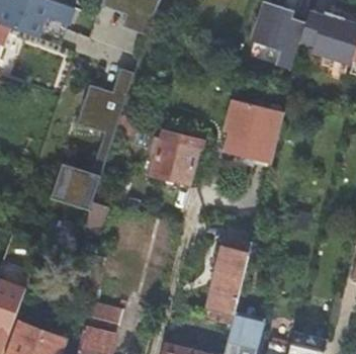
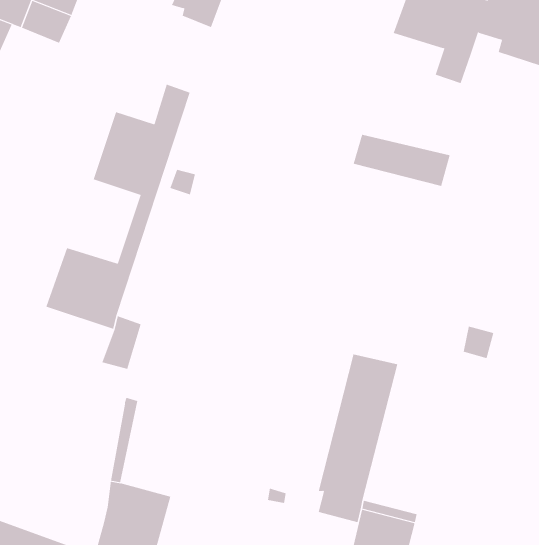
building: [224,115,279,163] -> none
building: [151,127,205,182] -> none

